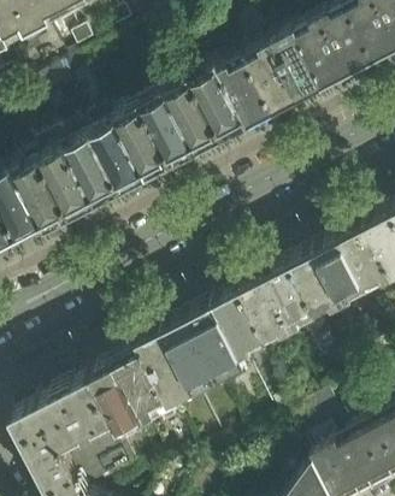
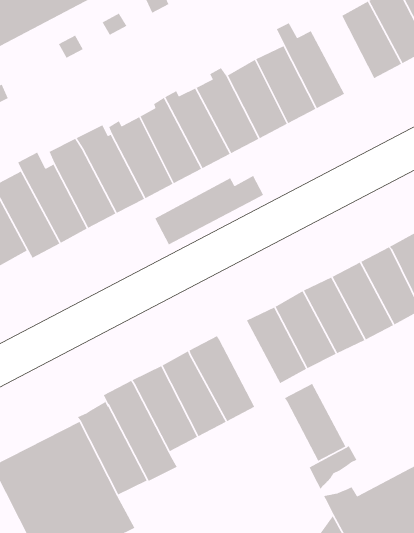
building: [294,17,349,87] -> none
building: none -> [154,175,264,246]
building: [211,287,266,356] -> [284,383,346,462]

